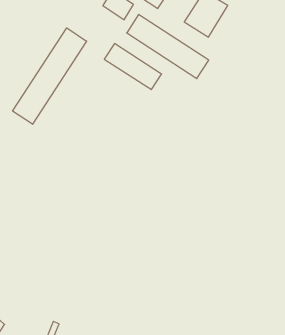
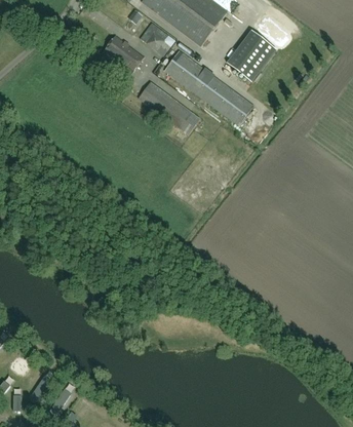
building: none -> [103,36,142,71]
building: [13,28,87,124] -> none

